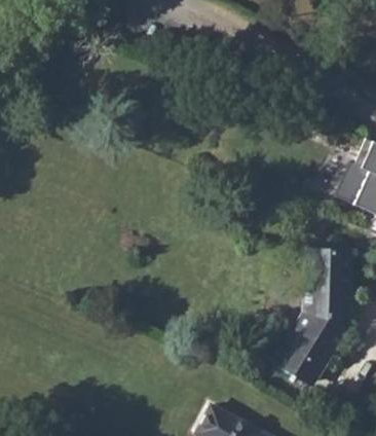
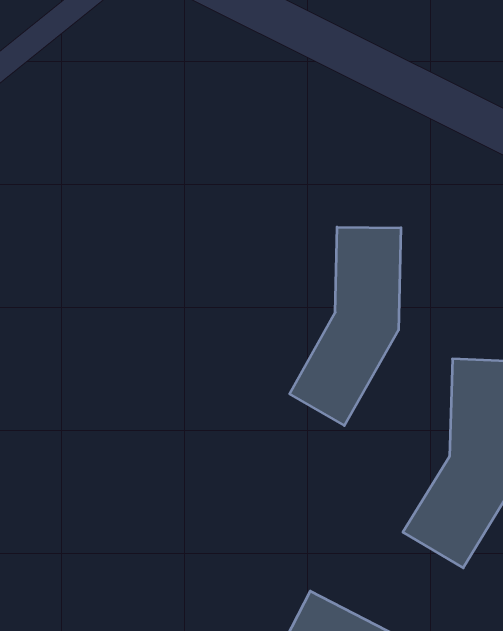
building: none -> [290,227,401,426]

